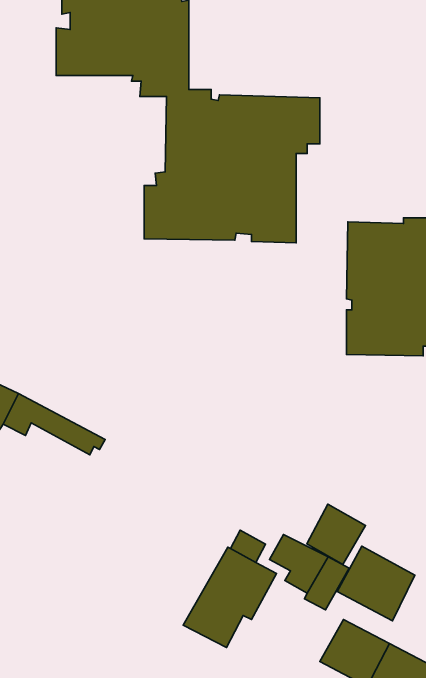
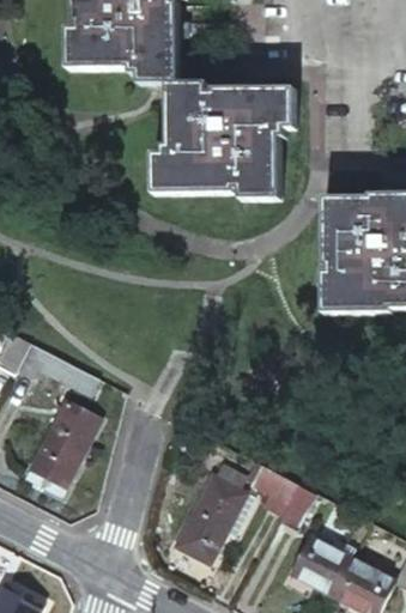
building: none -> [30,399,107,494]
building: [307,504,365,565] -> none
building: [337,546,415,621] -> none

